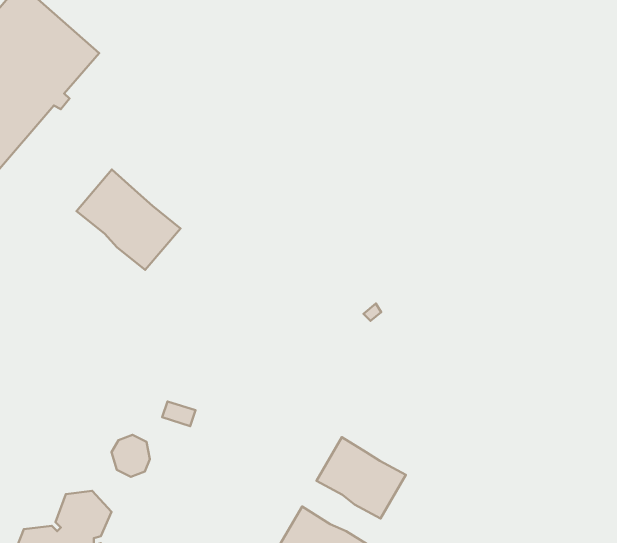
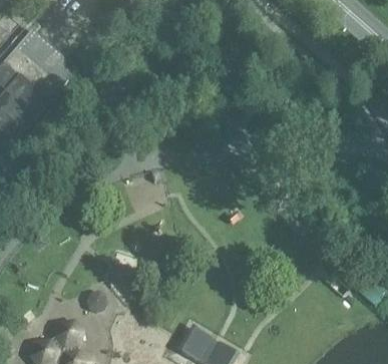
building: [77,170,181,270] -> none
building: [316,437,406,518] -> none

